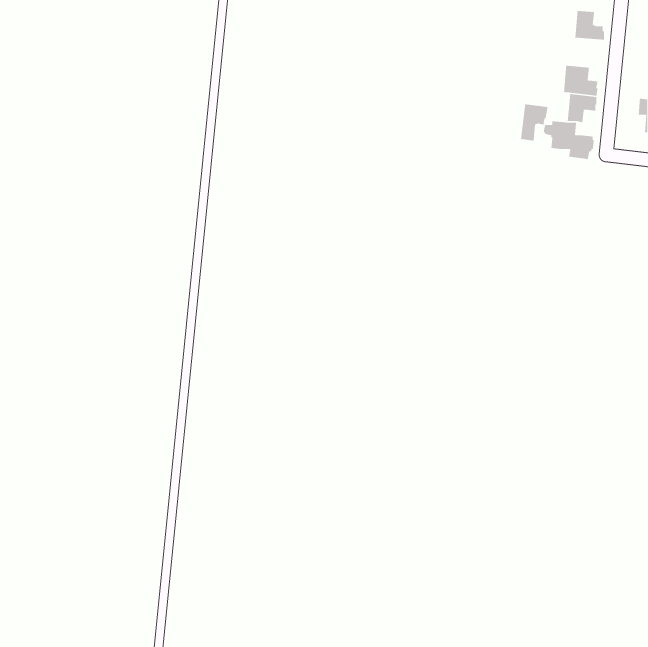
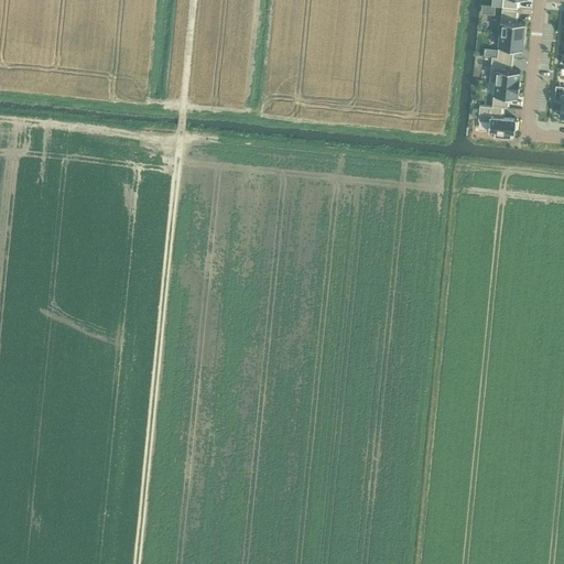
building: none -> [491,34,525,59]
building: [520,104,548,142] -> none

